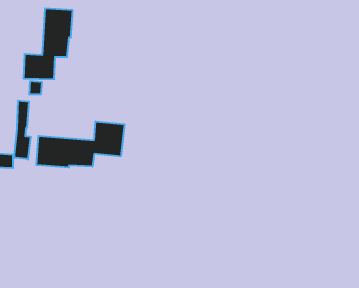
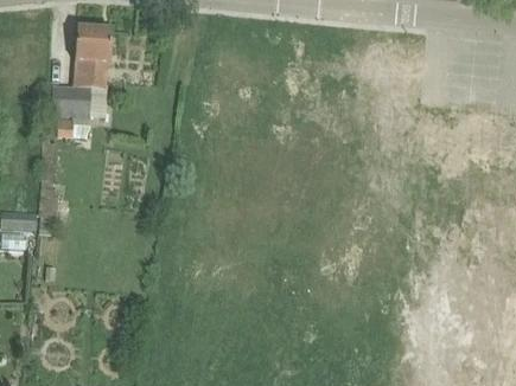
building: [37,121,124,168] -> none

